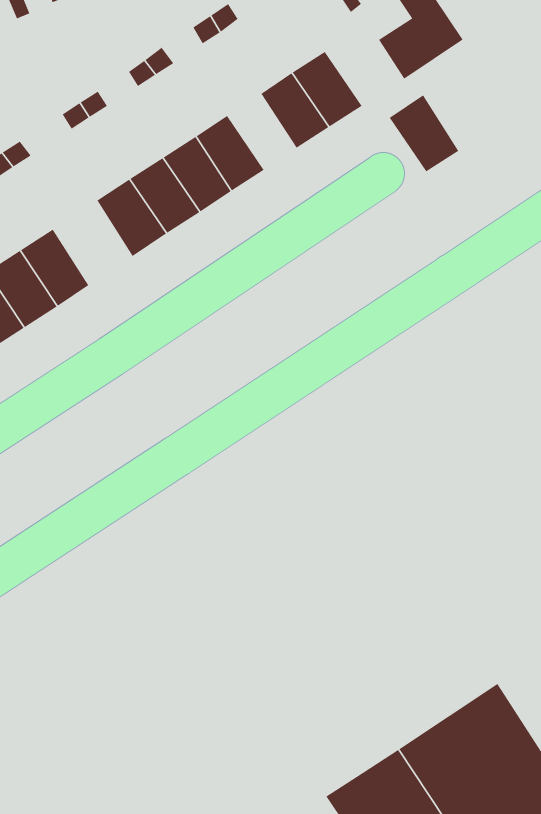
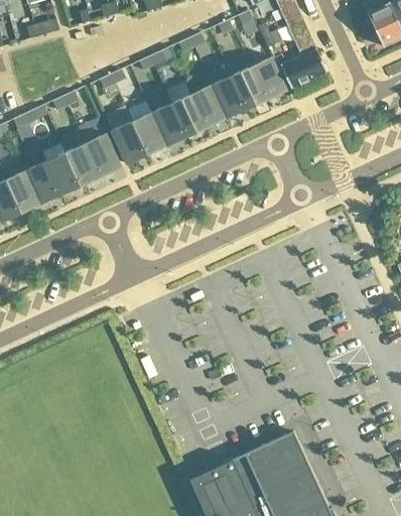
building: none -> [190,85,226,127]
building: [389,94,459,172] -> [250,56,286,100]
building: none -> [85,133,121,176]

